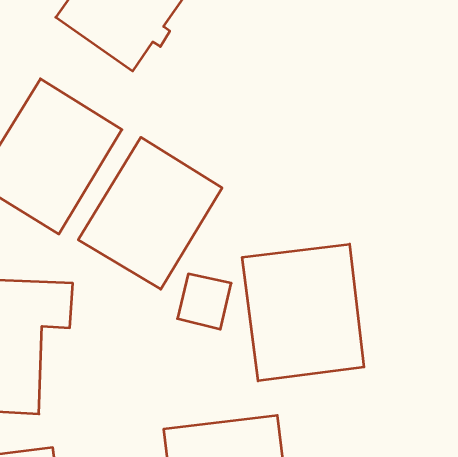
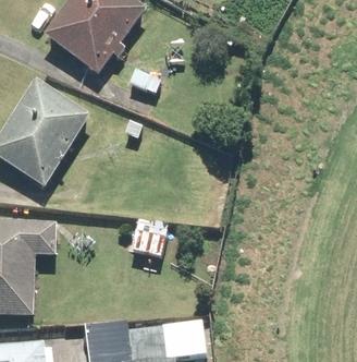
building: [78,137,222,289] -> none
building: [242,244,364,381] -> none

